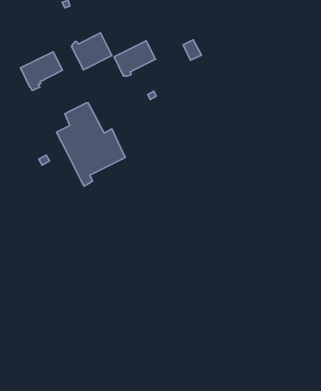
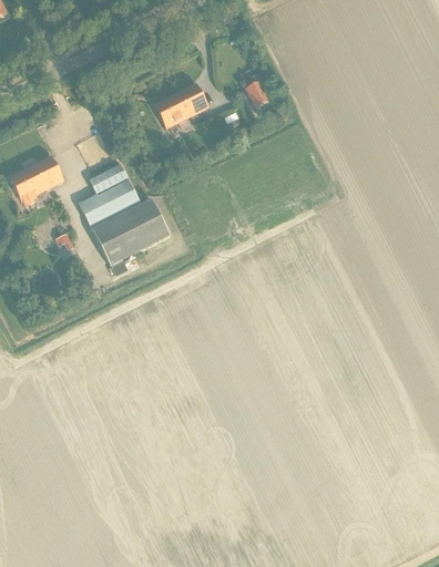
building: [71,33,112,70] -> none
building: [21,52,63,90] -> [10,156,65,207]

